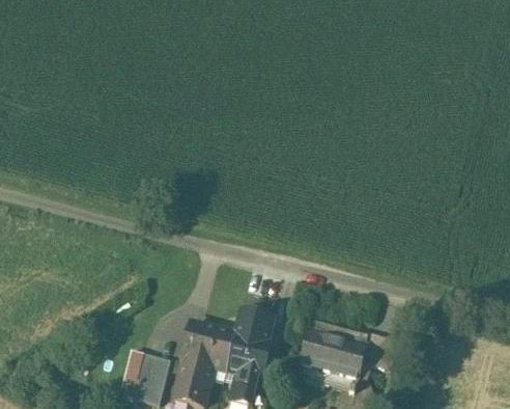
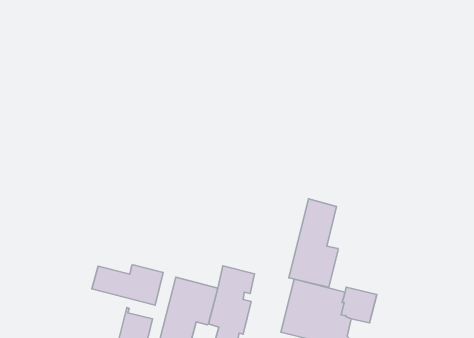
building: none -> [289,199,338,287]
building: none -> [92,265,163,305]

